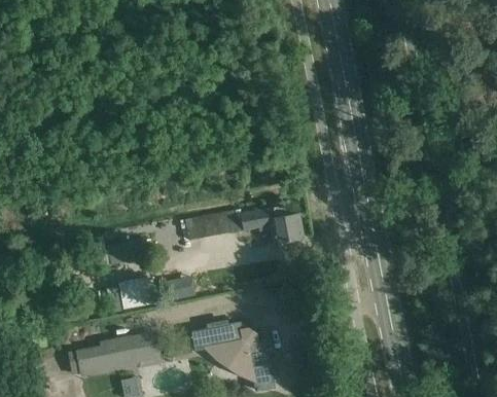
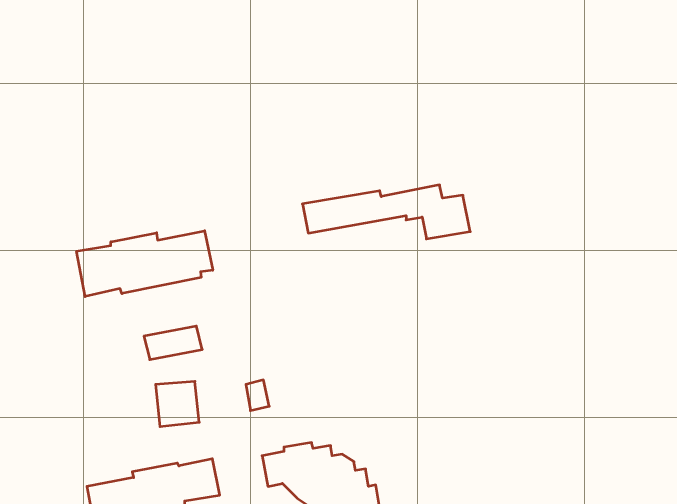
building: none -> [77,231,213,297]
building: [185,205,304,243] -> [302,185,470,239]

